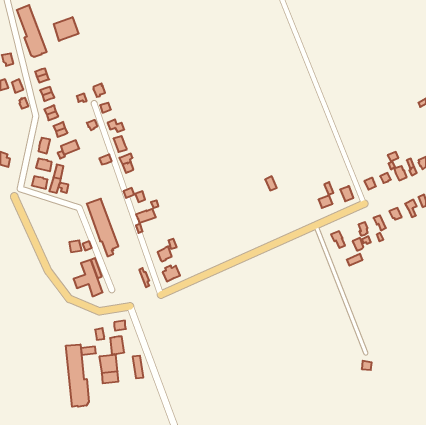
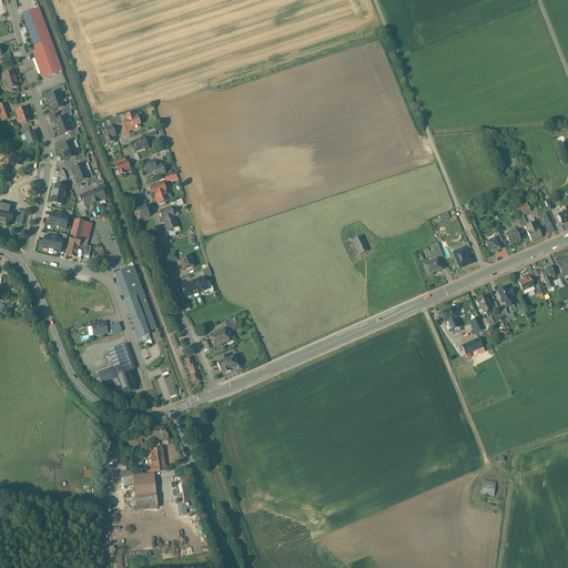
building: [54,17,79,41] -> none
building: [66,344,89,407] -> none

